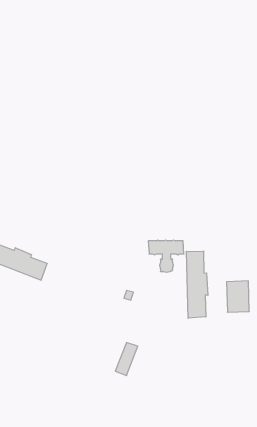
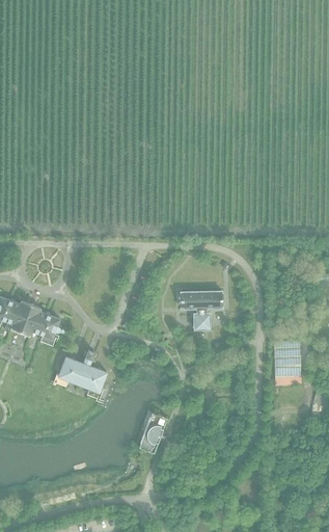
building: [186,251,208,318] -> none
building: none -> [59,351,108,394]

